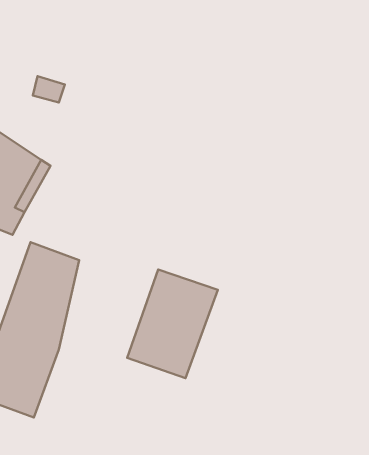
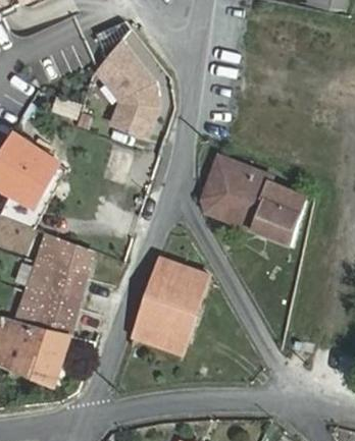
building: none -> [97,41,157,136]
building: none -> [201,156,302,245]

